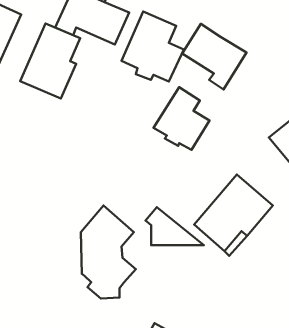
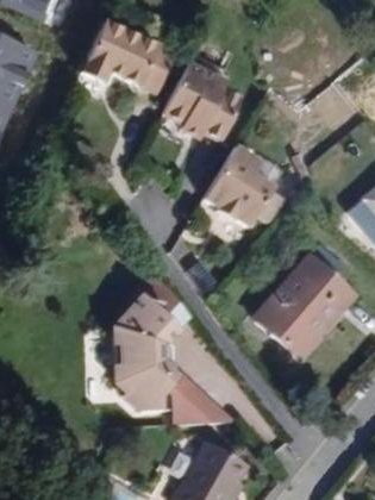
building: [20,24,80,99] -> none
building: [182,24,246,89] -> none
building: [145,207,204,245] -> [165,376,239,424]

